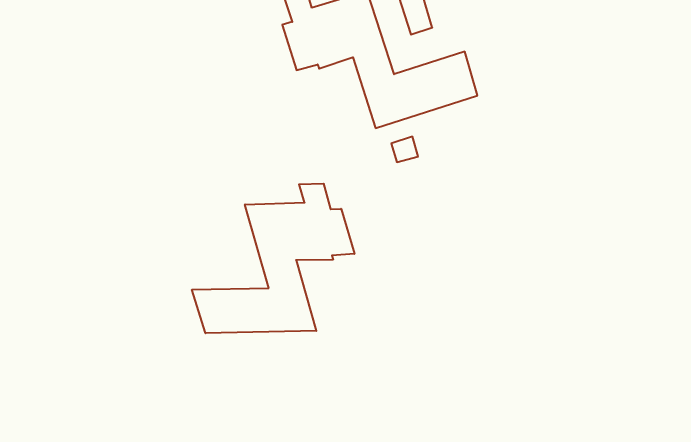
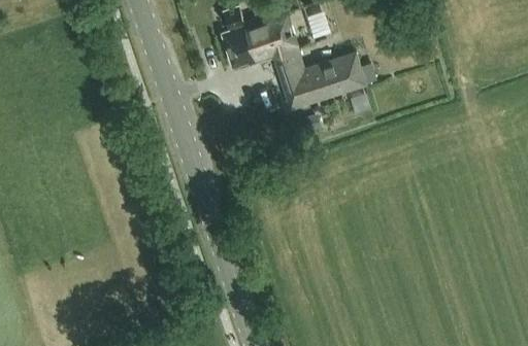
building: [192,184,354,333] -> none

